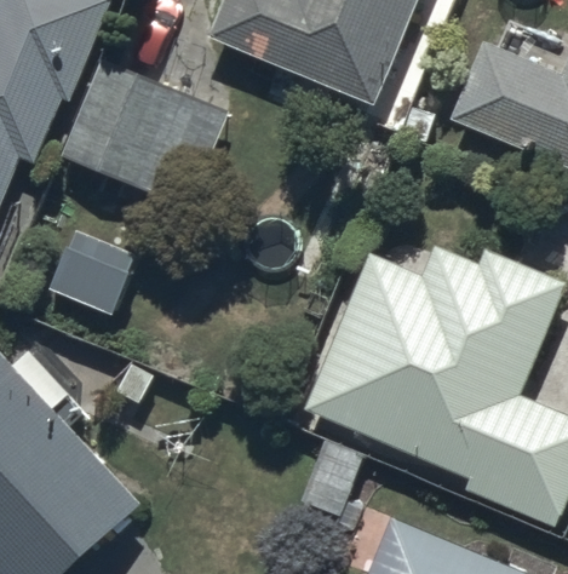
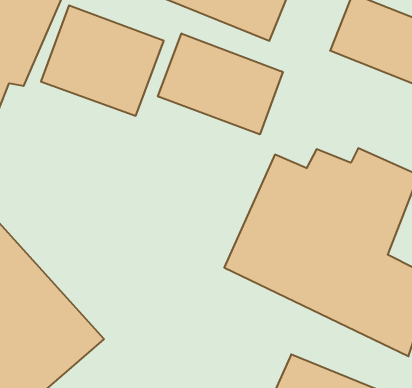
building: none -> [158,33,283,134]

